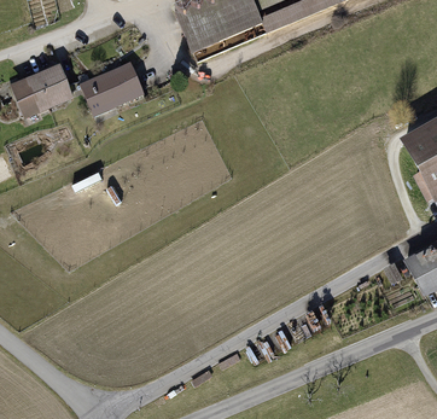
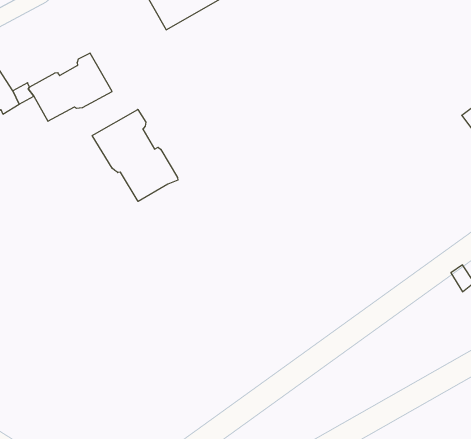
building: none -> [92,109,178,201]

